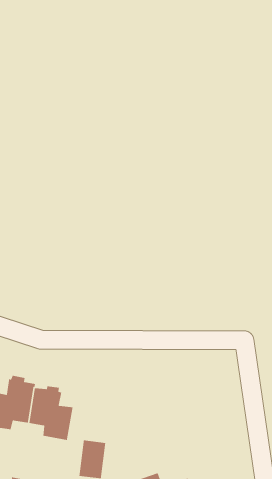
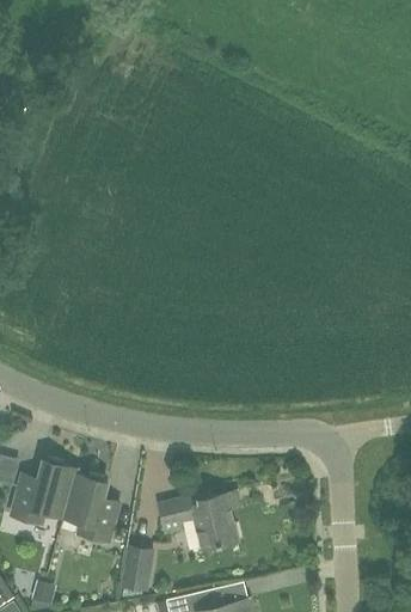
building: none -> [159,492,237,551]

